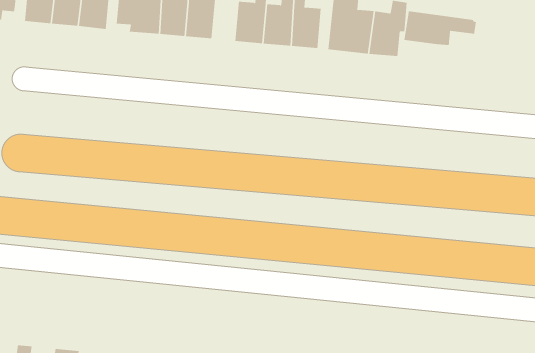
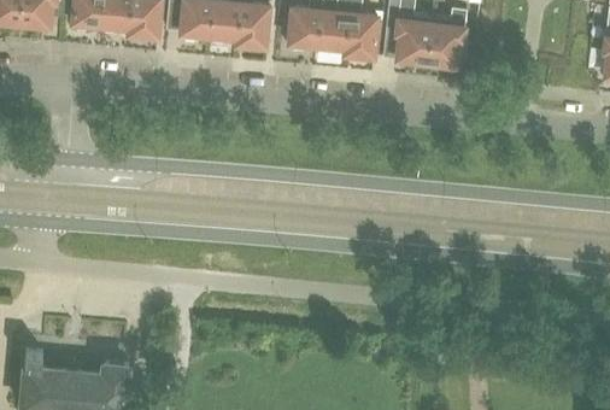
building: [404,11,477,46] -> none

